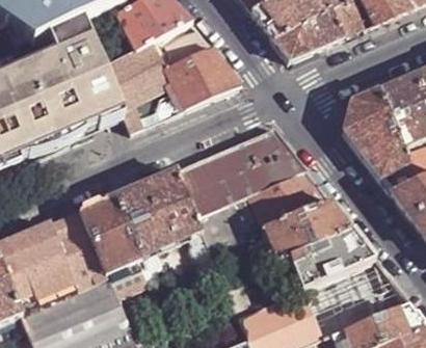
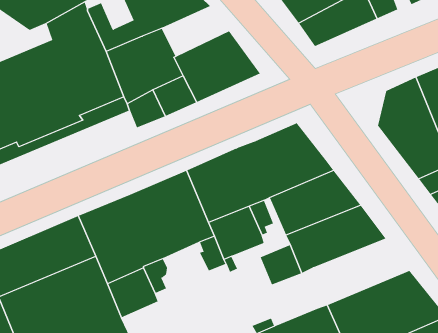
building: [152,23,212,68] -> none
building: [287,231,373,289] -> none

